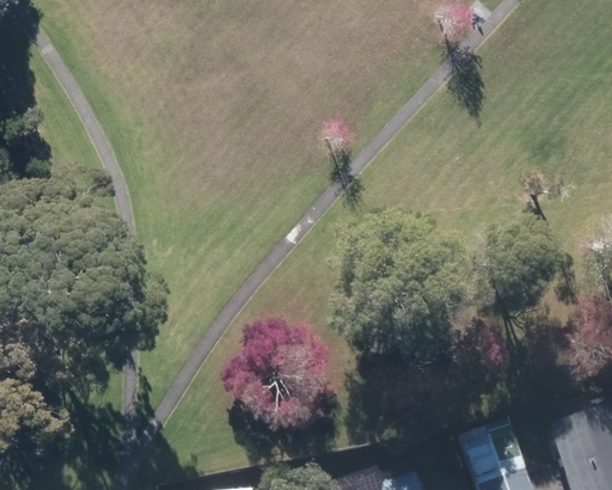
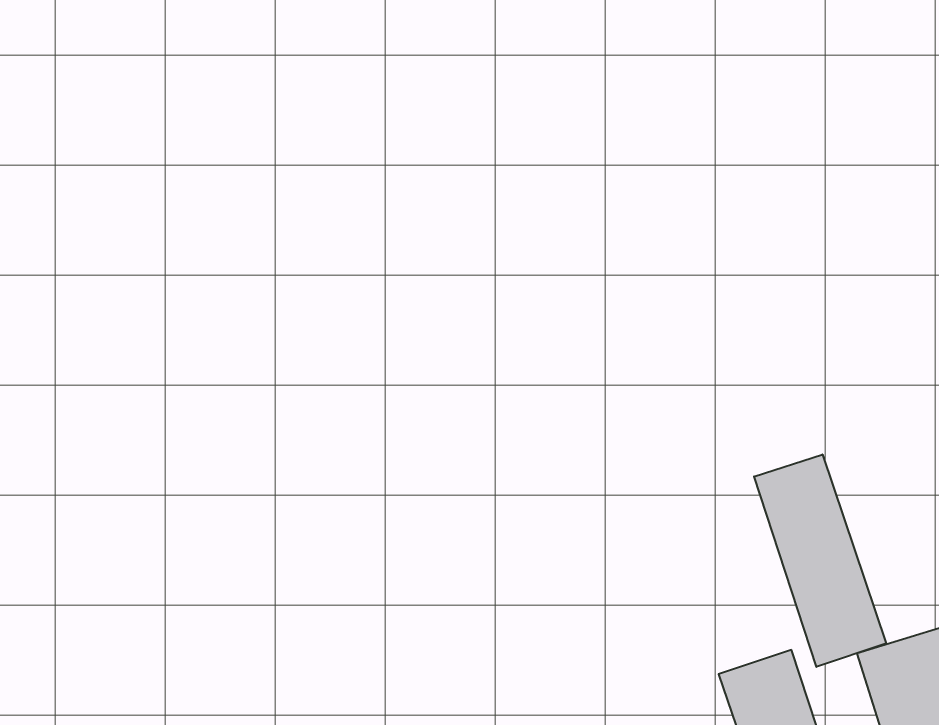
building: none -> [754,454,886,667]

